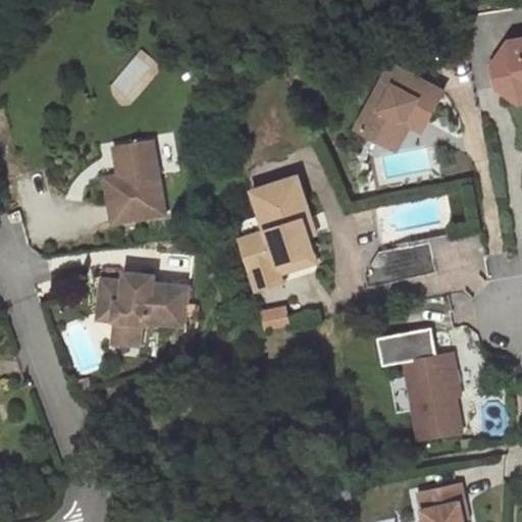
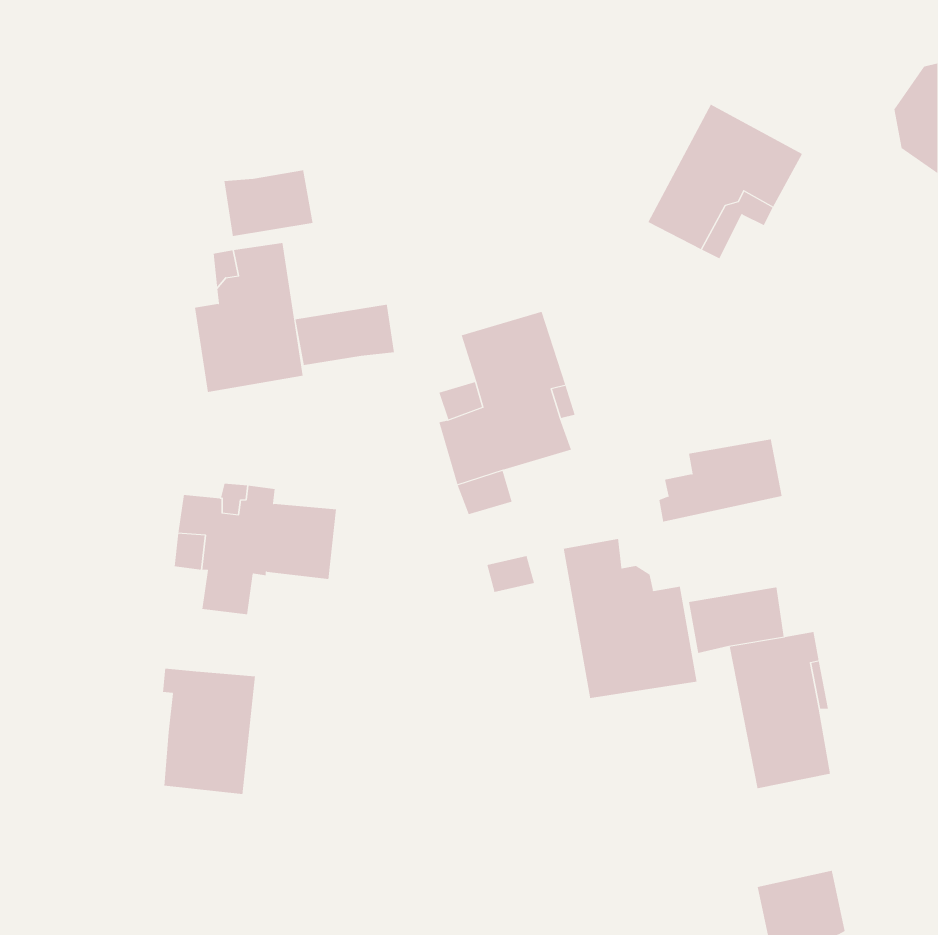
building: none -> [224,170,313,237]
building: none -> [295,304,395,366]
building: none -> [563,538,697,699]
building: none -> [162,668,255,795]

